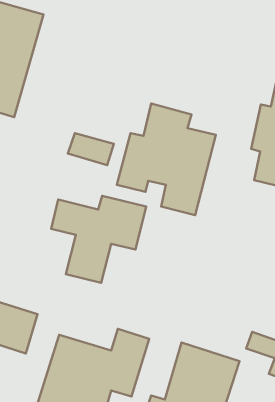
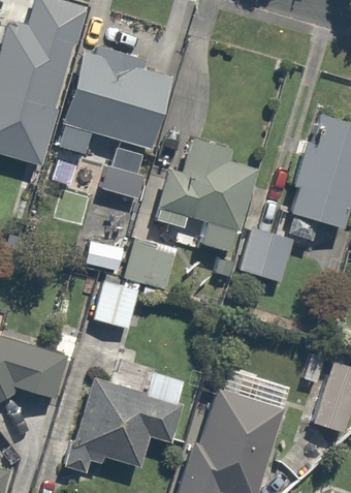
building: none -> [57,48,166,156]
building: none -> [241,229,301,282]

